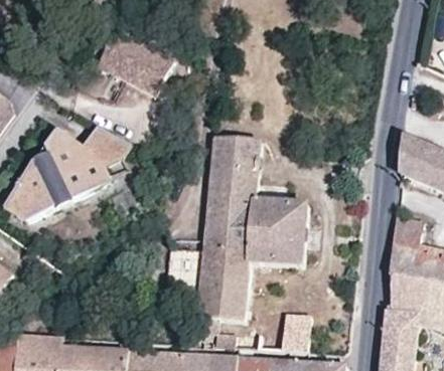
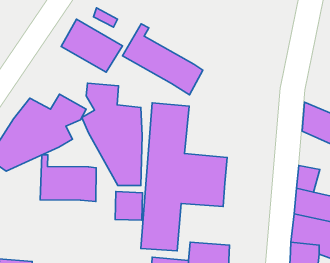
building: none -> [122,24,203,95]
building: none -> [82,83,142,186]
building: none -> [40,155,96,201]

